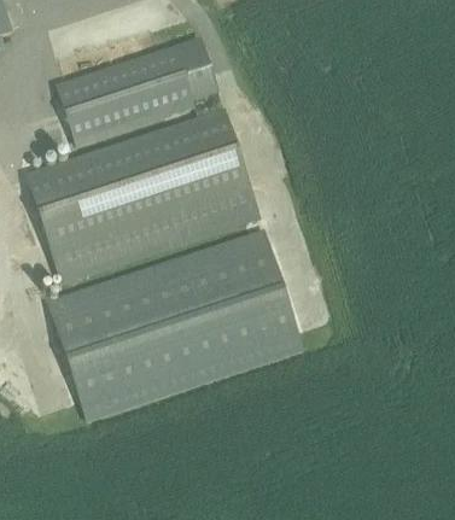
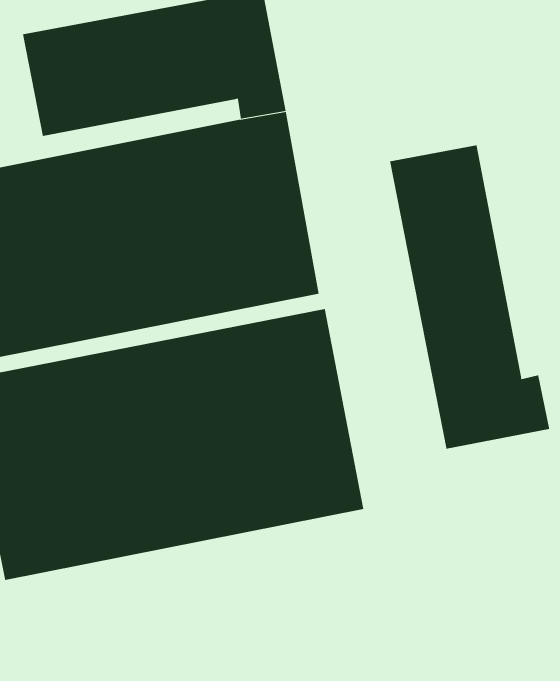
building: none -> [390,145,550,449]

